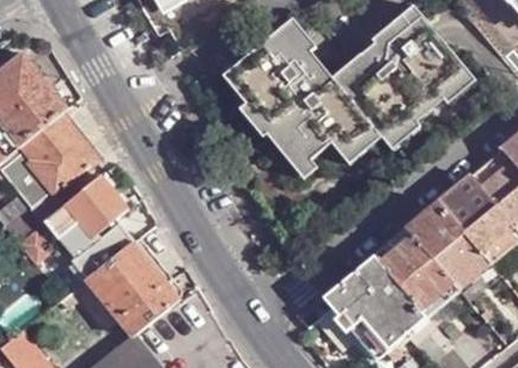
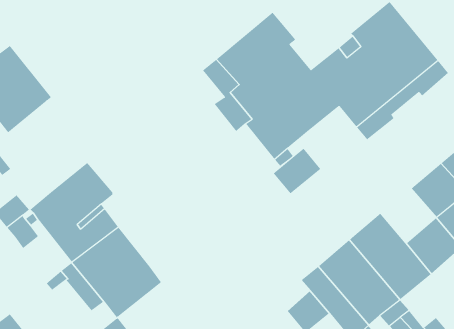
building: [20,110,98,194] -> none
building: [330,116,380,164] -> [273,148,321,194]
building: [406,201,463,257] -> none

